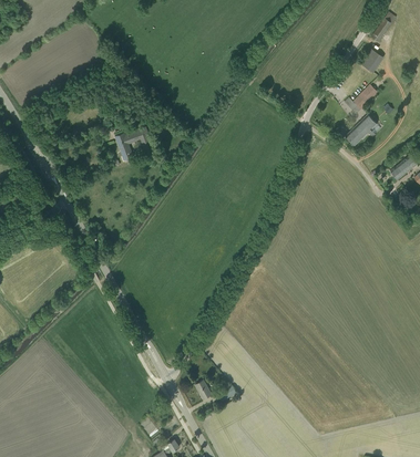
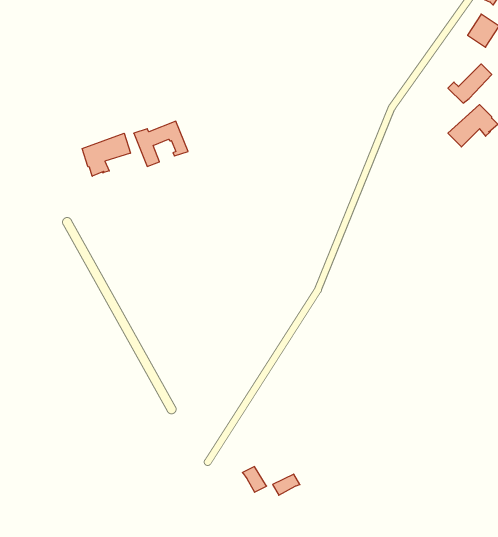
building: none -> [82,133,130,176]

